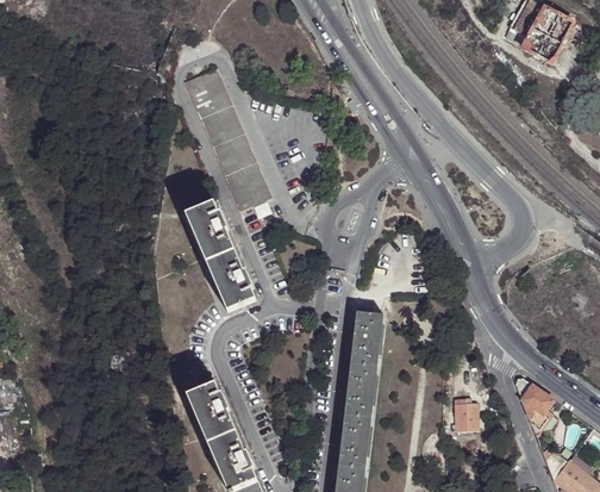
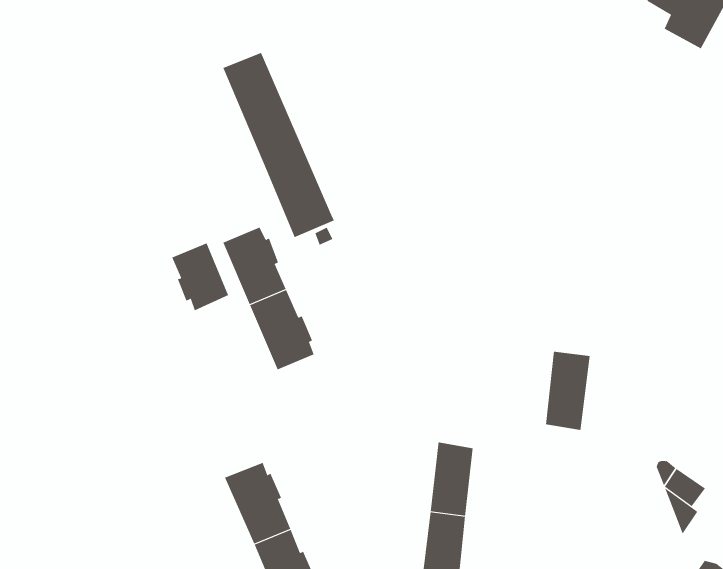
building: none -> [171,242,229,311]
building: [349,309,383,369] -> [545,351,590,431]
building: [458,404,482,438] -> none

